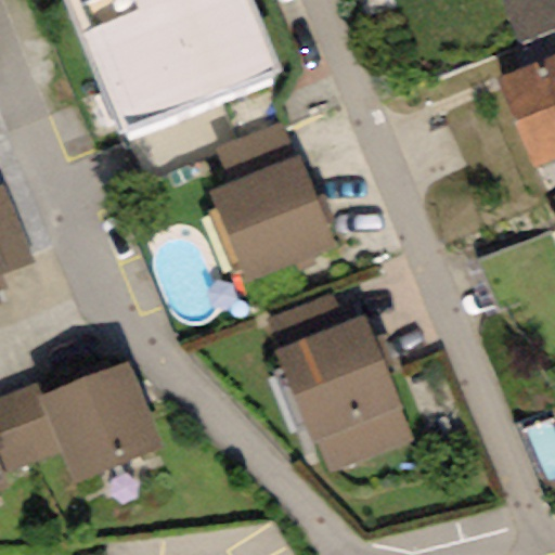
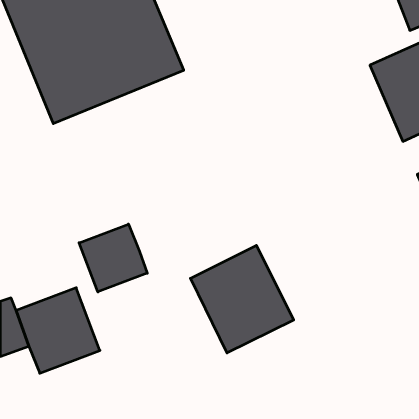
building: [193,164,327,294] -> none
building: none -> [79,224,147,292]

